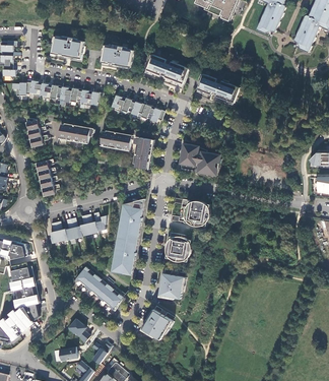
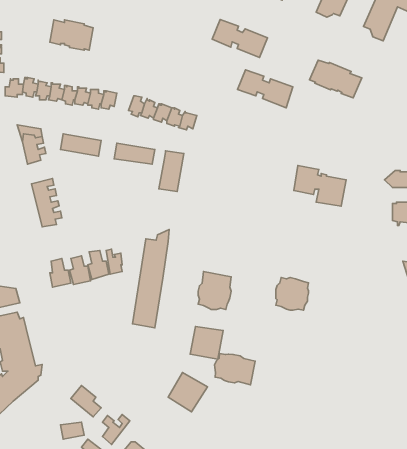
building: [98,44,133,68] -> none
building: [144,54,187,83] -> [212,20,267,58]
building: none -> [310,60,362,98]
building: [180,143,220,175] -> [294,166,346,206]
building: [184,199,209,225] -> [276,278,309,310]
building: [72,266,122,310] -> none
building: none -> [214,354,255,385]

